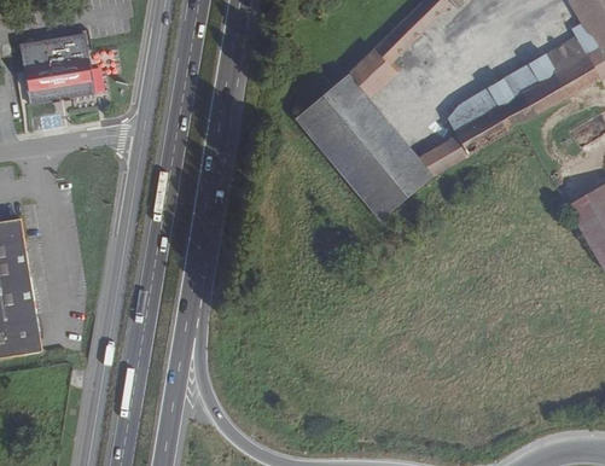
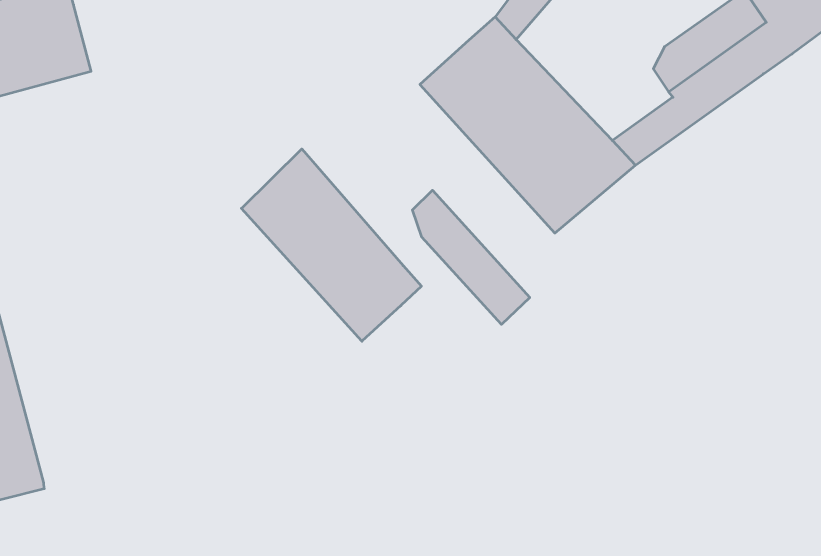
building: none -> [241,149,421,341]
building: none -> [412,190,530,324]

